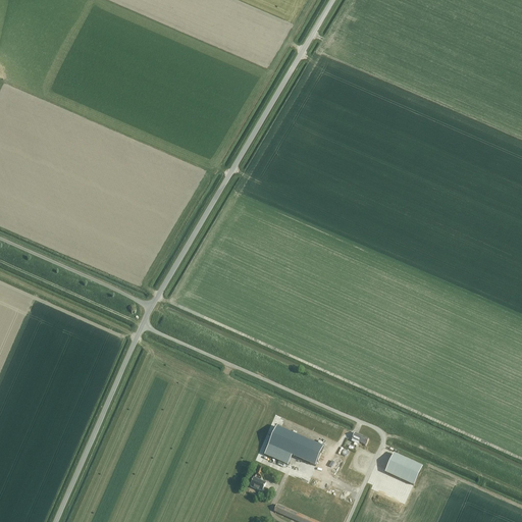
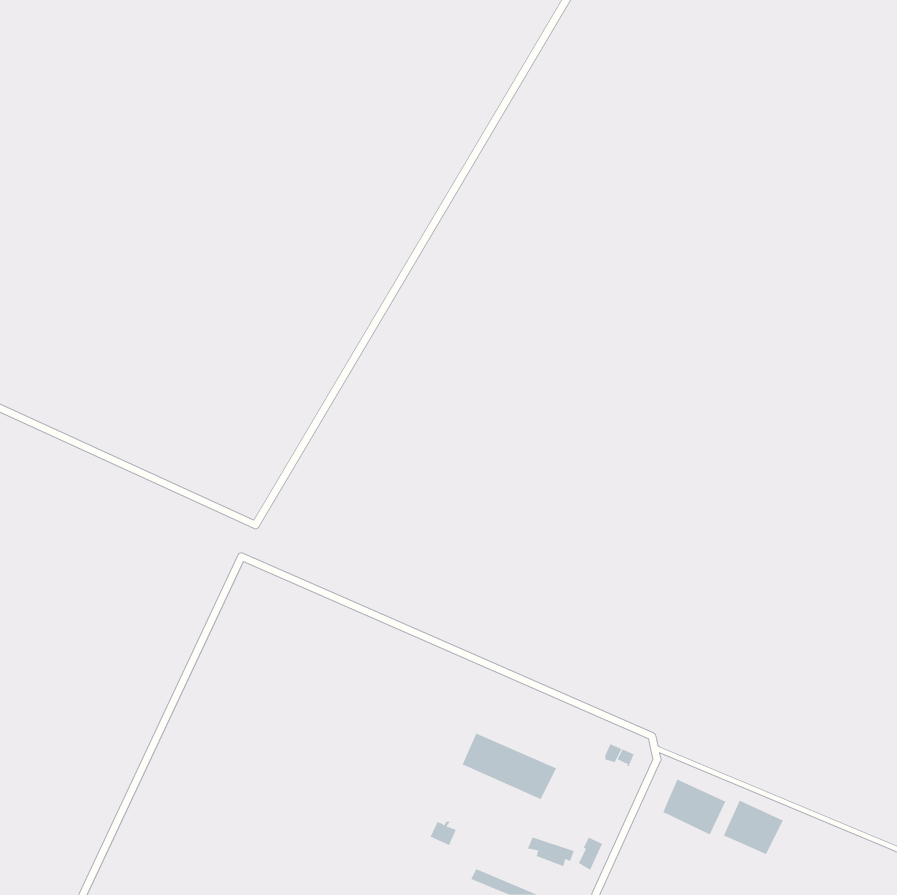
building: none -> [723,800,783,855]

